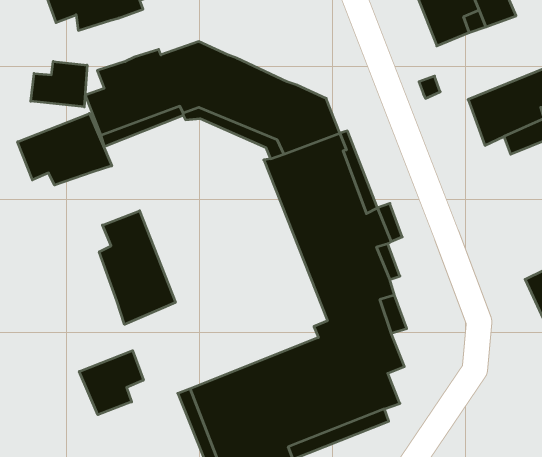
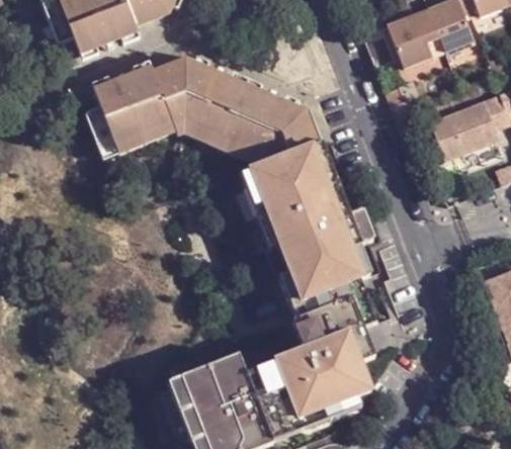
building: [31,61,87,107] -> none
building: [18,113,112,185] -> none
building: [99,211,175,324] -> none
building: [79,351,143,415] -> none

